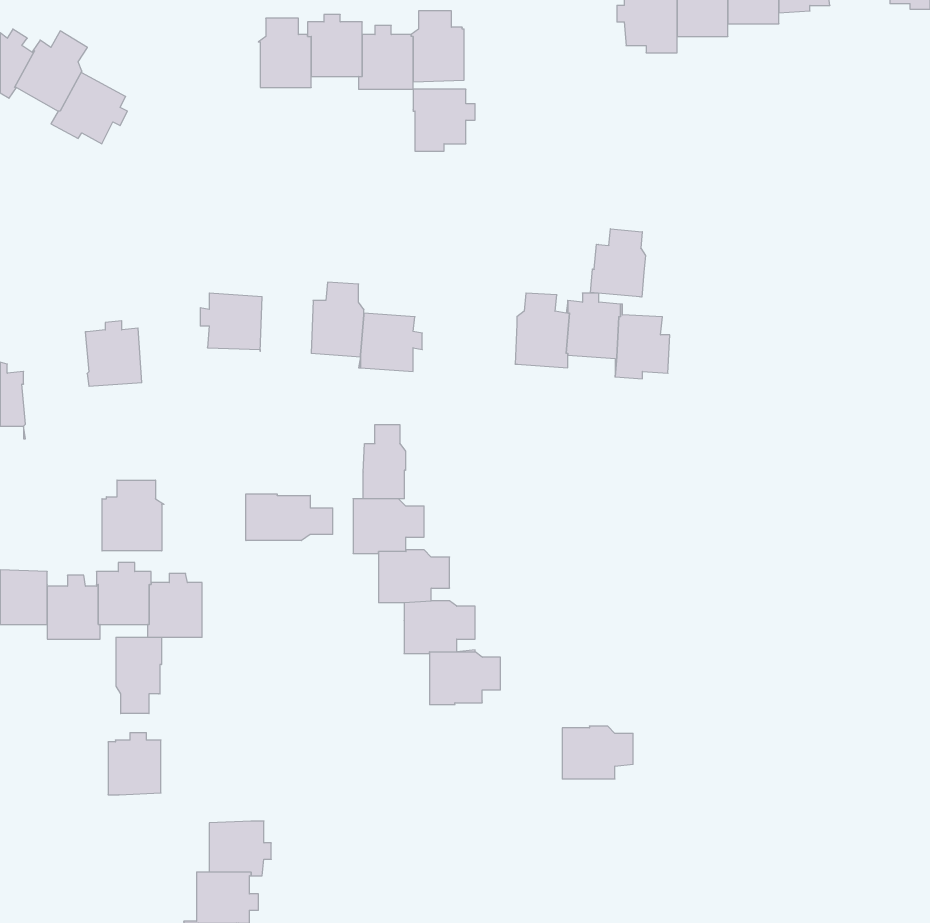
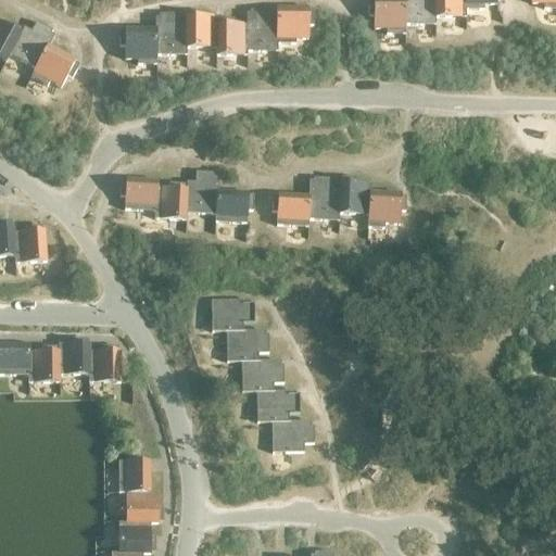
building: none -> [119,25,155,62]
building: [413,89,475,151] -> [276,4,313,41]
building: [590,229,645,297] -> none
building: none -> [154,177,187,218]
building: none -> [271,191,308,225]
building: [85,321,142,386] -> [13,223,47,262]
building: [363,425,406,499] -> none
building: [102,480,164,551] -> none
building: [246,494,333,541] -> none
building: [116,637,161,714] -> none
building: [562,726,633,779] -> [271,418,314,450]
building: [108,733,161,795] -> [118,454,150,491]

